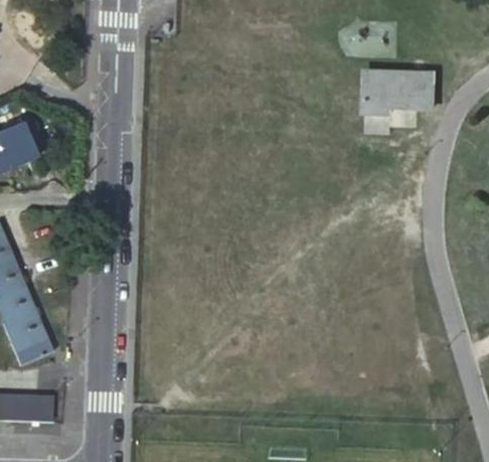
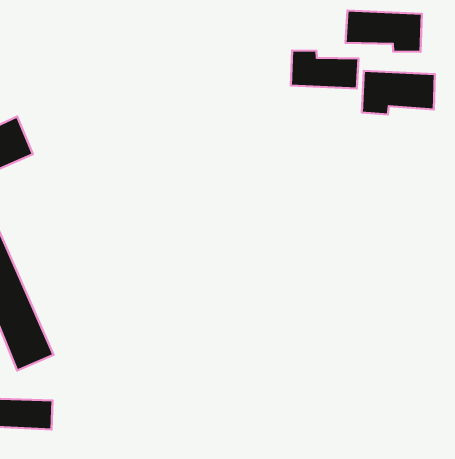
building: none -> [345,10,422,52]
building: none -> [291,50,359,88]

